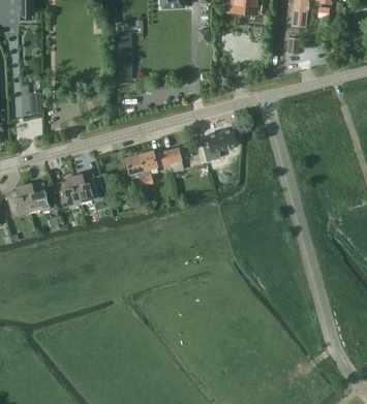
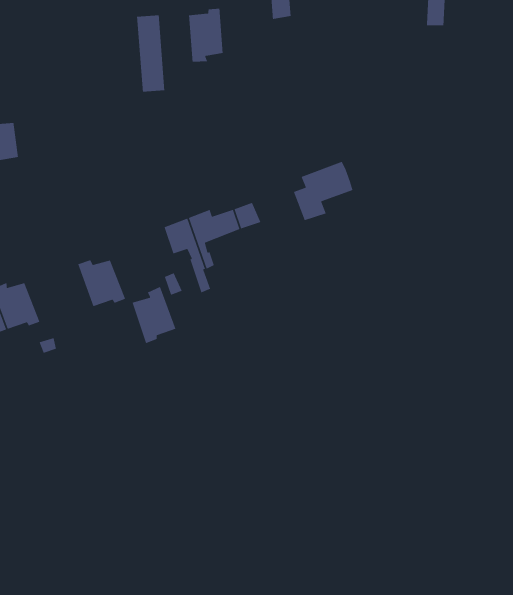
building: none -> [188,8,223,62]
building: [57,176,82,209] -> [132,286,176,344]

